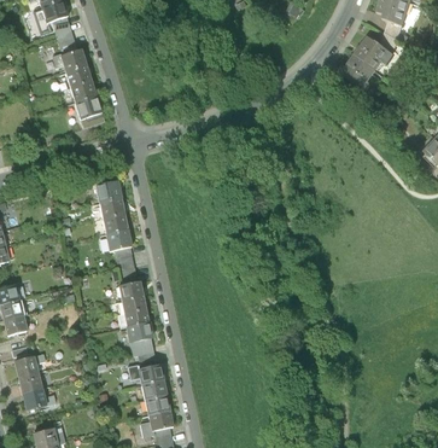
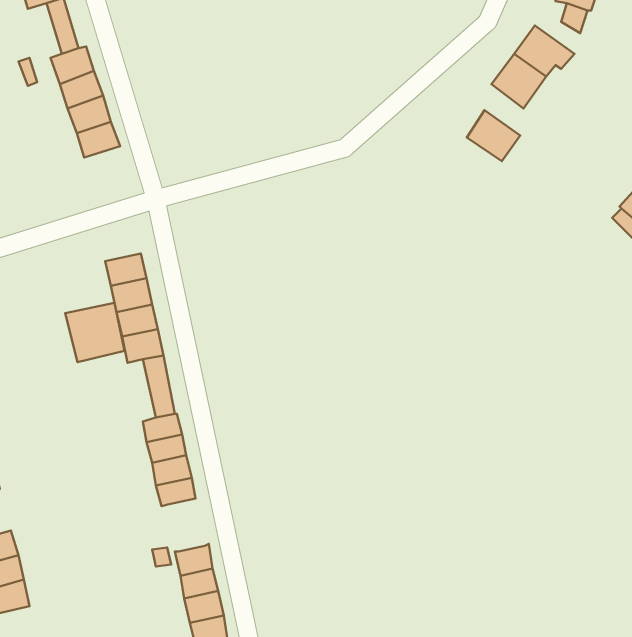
building: none -> [467,110,520,161]
building: none -> [65,303,124,362]
building: [134,336,157,370] -> none

